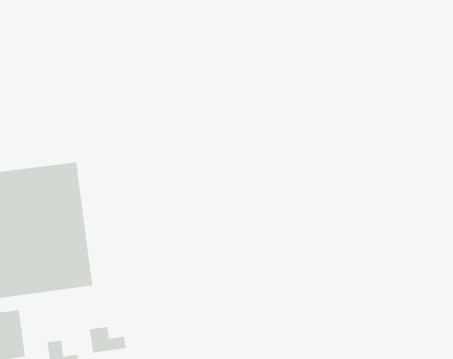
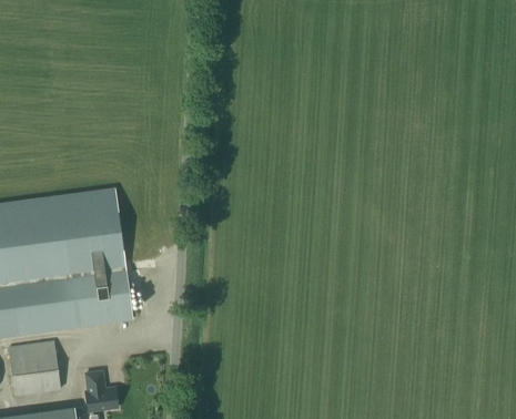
building: [89,326,127,354] -> none

